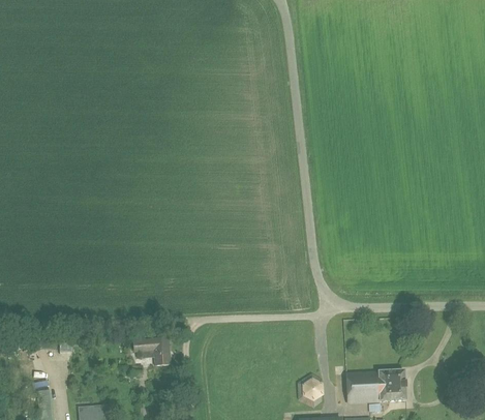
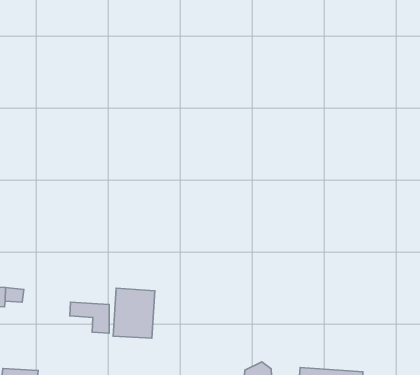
building: none -> [113,288,155,338]

